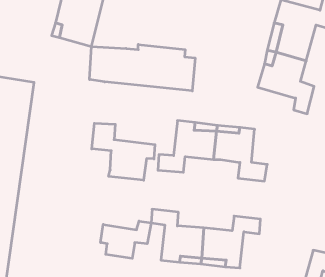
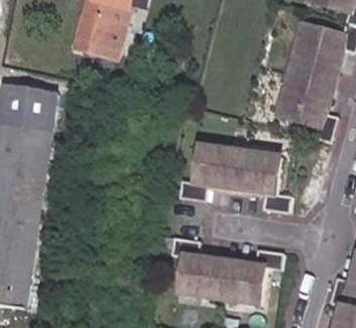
building: [90,44,195,91] -> none
building: [92,123,155,180] -> none
building: [101,221,151,258] -> none

